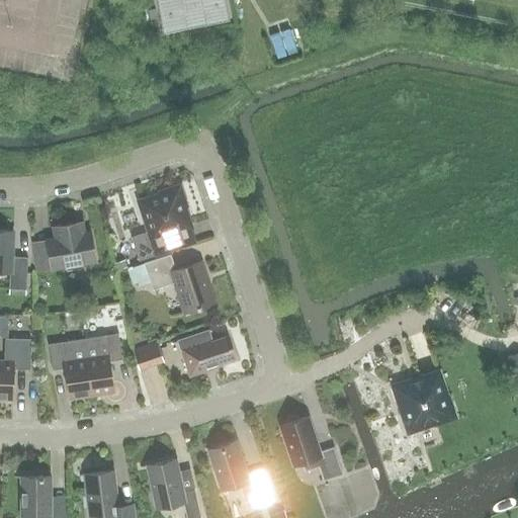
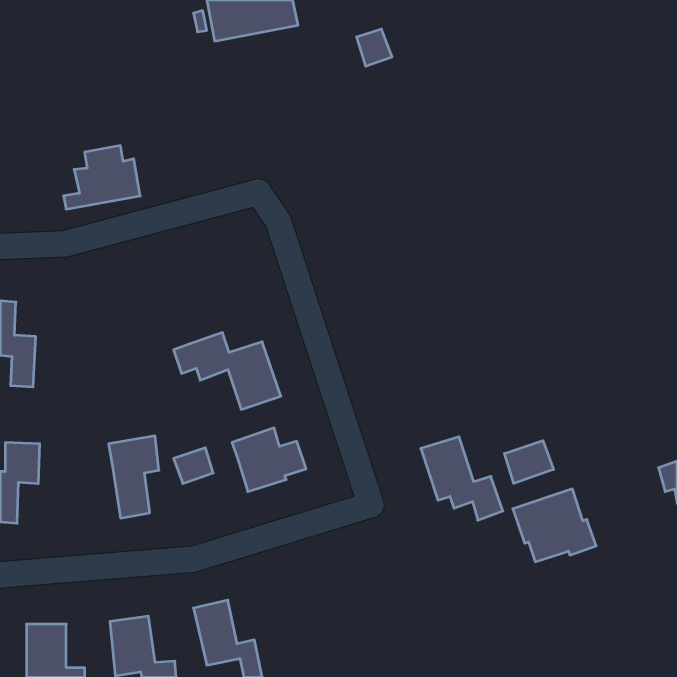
building: [132,187,194,260] -> none
building: [37,222,96,270] -> [63,146,140,209]
building: none -> [504,441,554,483]
building: [49,339,92,399] -> none
building: [279,417,342,481] -> [421,437,503,520]
building: [207,440,273,509] -> none

